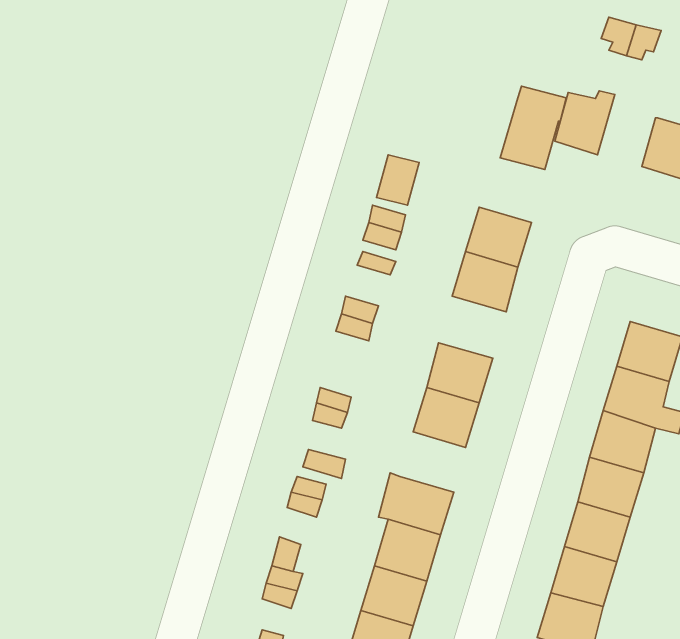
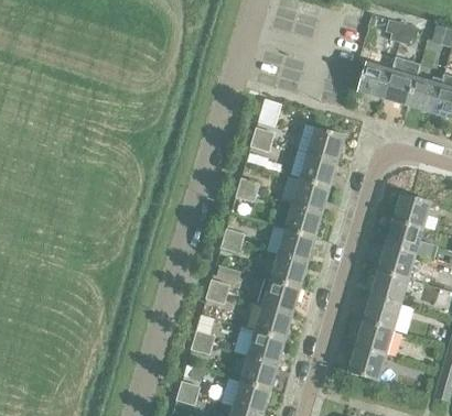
building: [500,86,566,170] -> [381,57,419,105]
building: none -> [291,178,330,214]
building: none -> [269,255,306,289]

